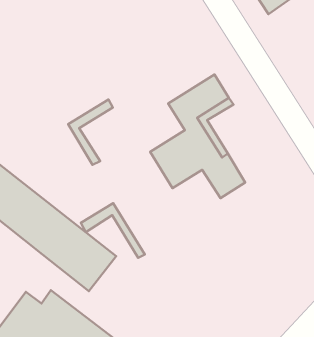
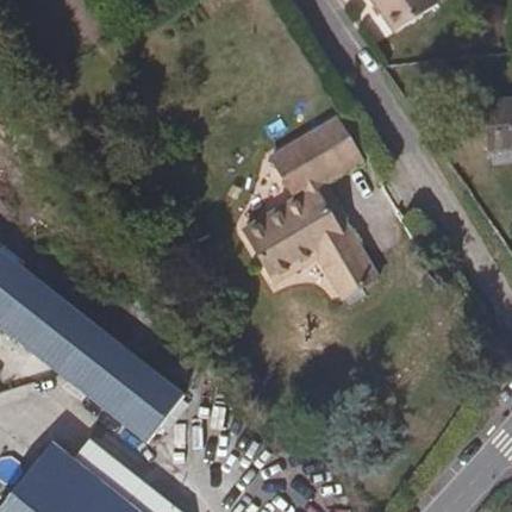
building: [68,99,113,165] -> none
building: [81,203,145,258] -> none

